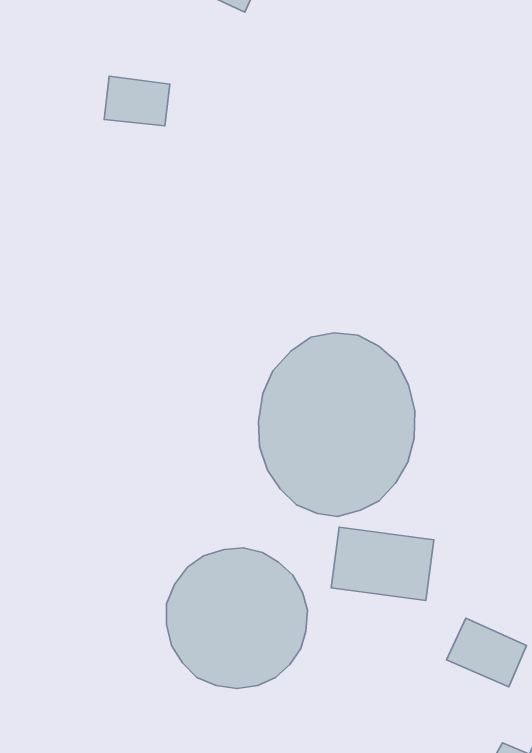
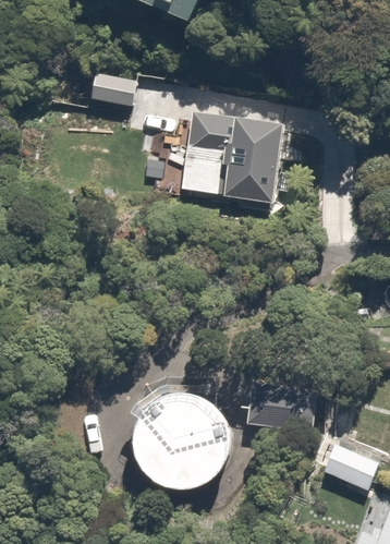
building: none -> [180,113,283,206]
building: [259,333,415,516] -> none

